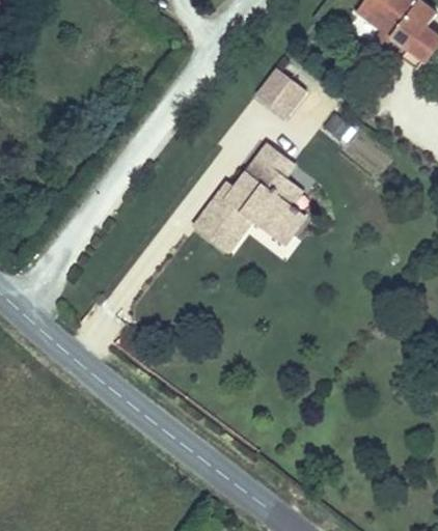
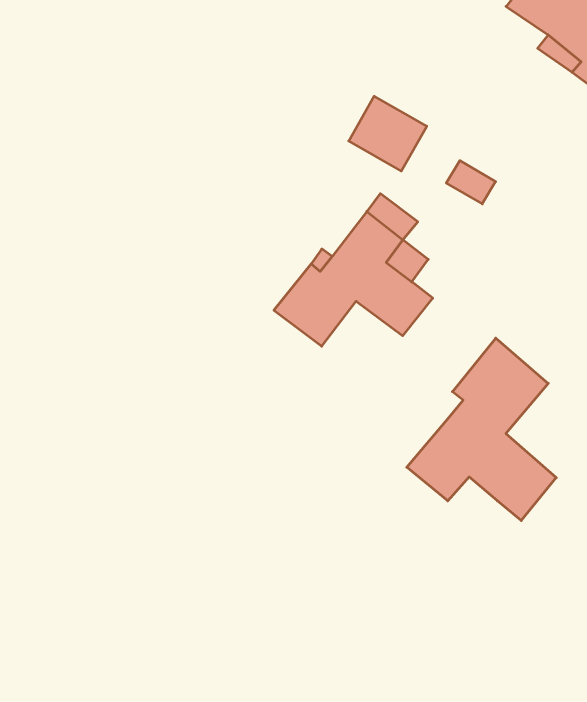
building: none -> [407,338,556,521]

